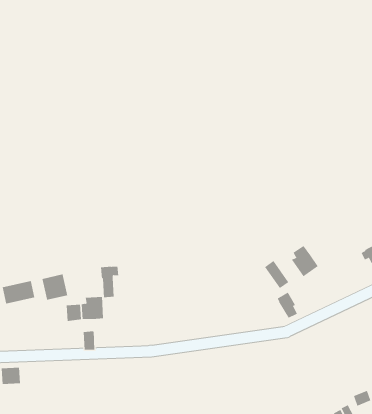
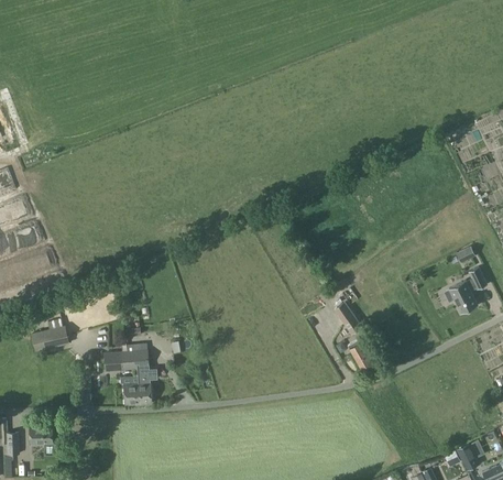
building: [291,245,318,277] -> none
building: [100,266,119,298] -> [134,369,156,405]
building: [42,274,68,301] -> none

